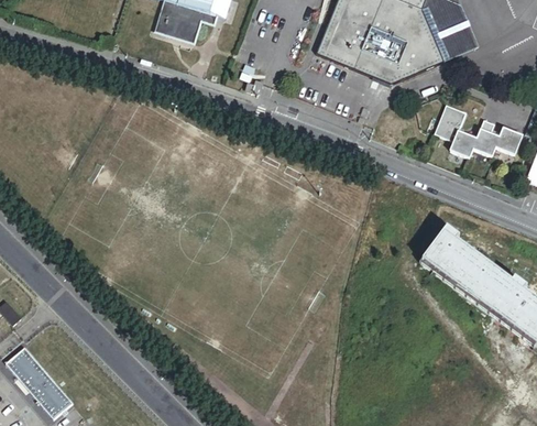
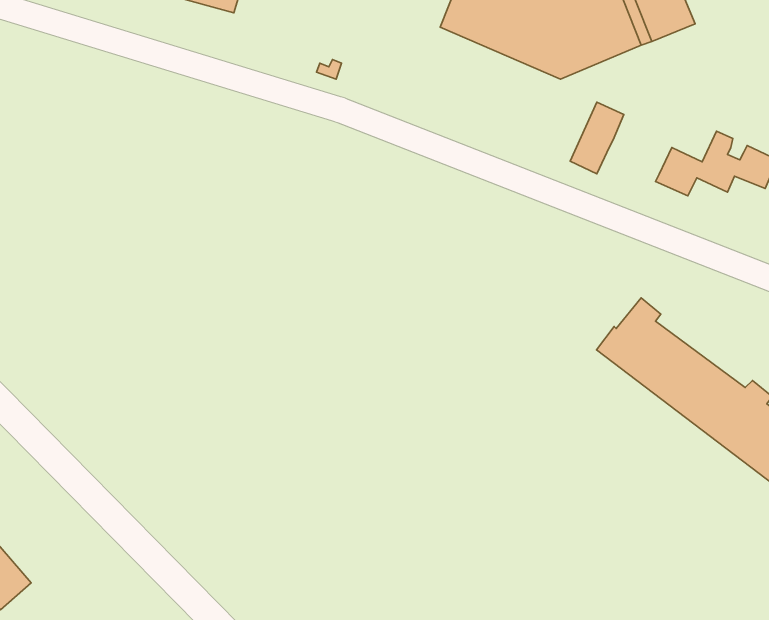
building: [438,100,471,144] -> [570,102,624,174]

